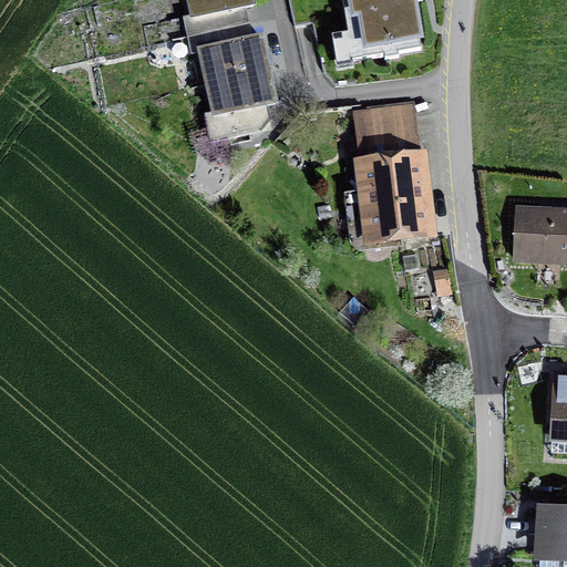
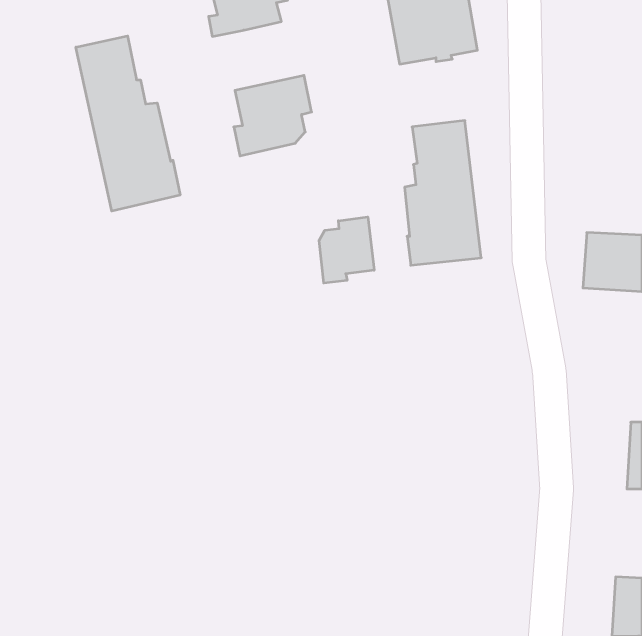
building: [199,19,268,80] -> none
building: none -> [76,36,180,211]
building: none -> [319,217,374,283]

